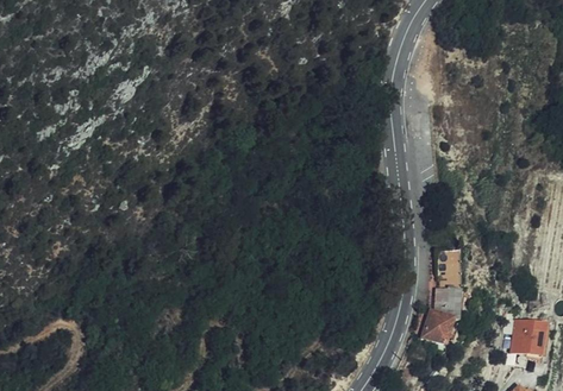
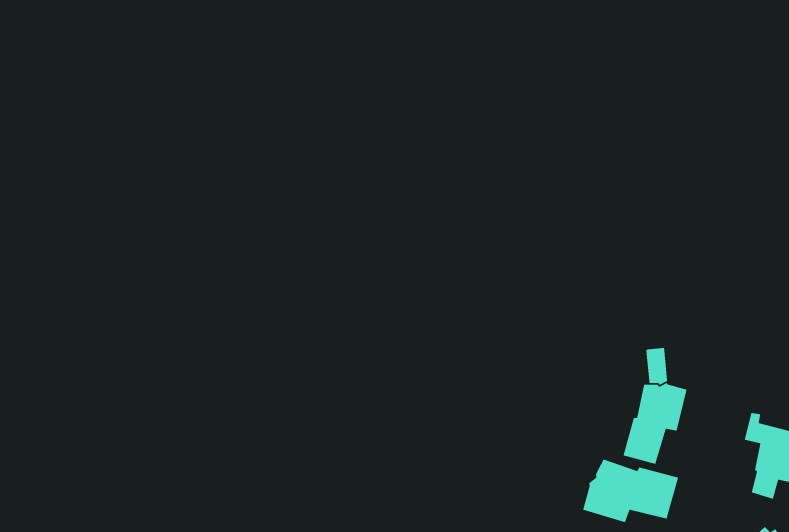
building: none -> [582,458,679,523]

